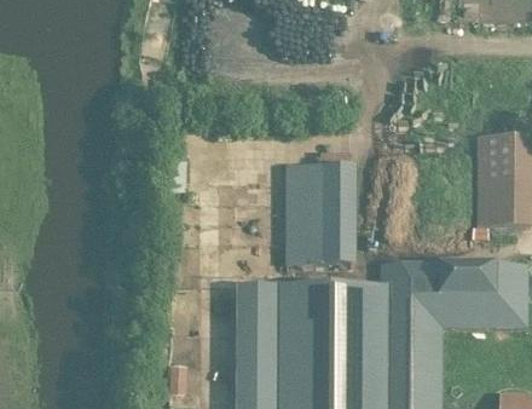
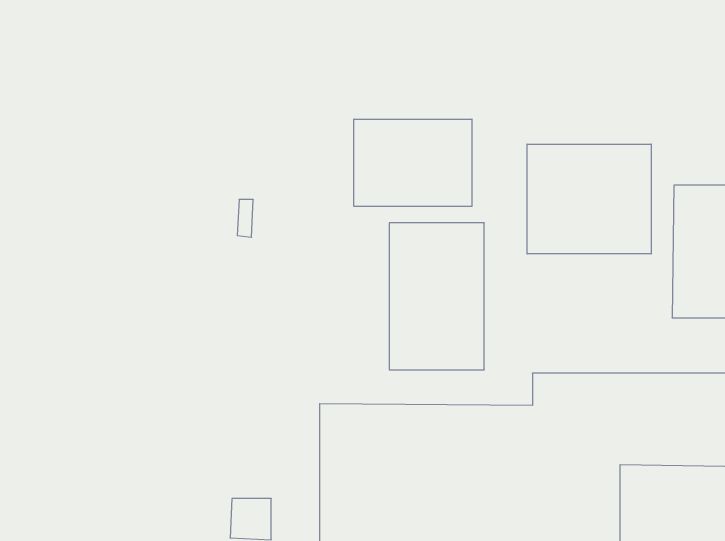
building: none -> [354,119,472,206]
building: none -> [527,144,651,254]

